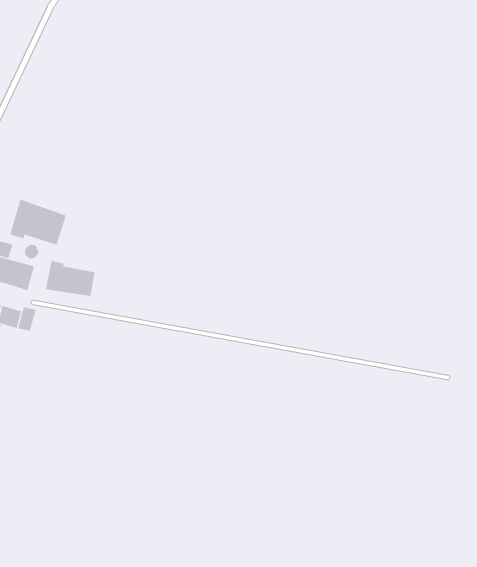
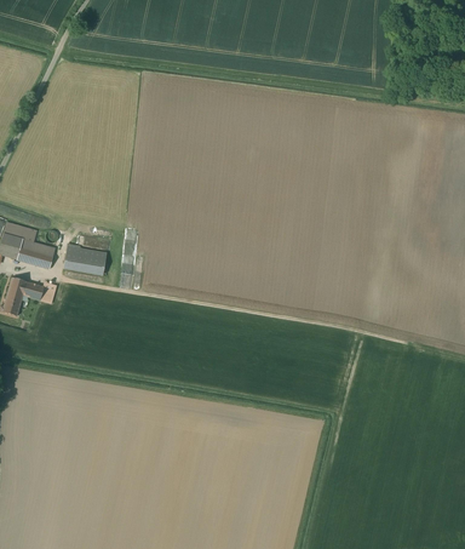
building: [9,199,66,245] -> none

